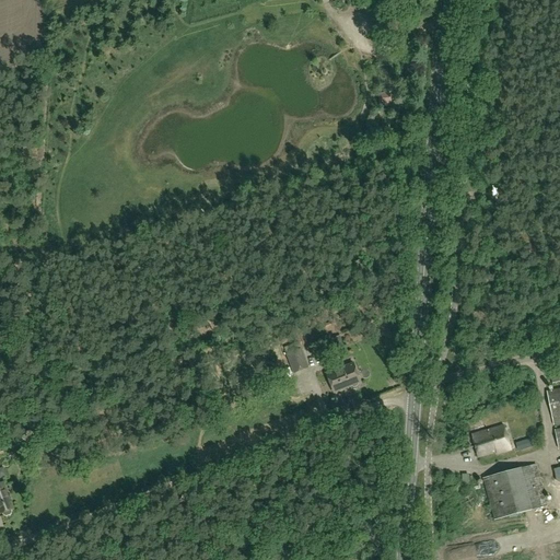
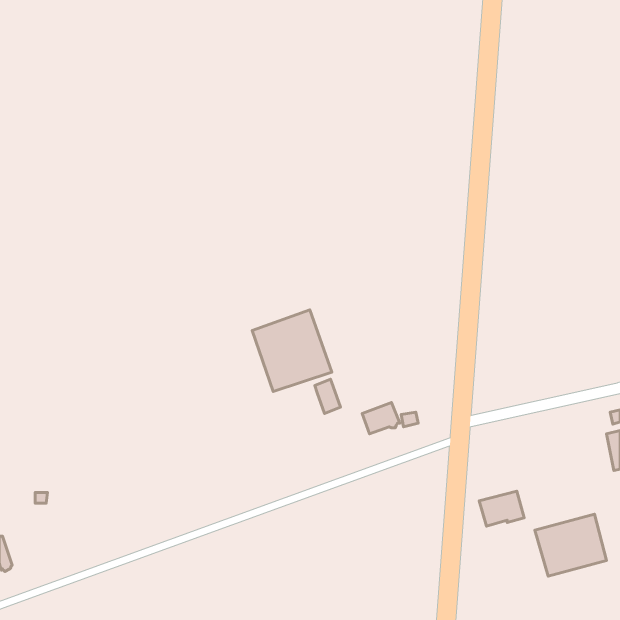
building: none -> [252,310,332,392]
building: [470,424,511,456] -> [479,491,524,526]

